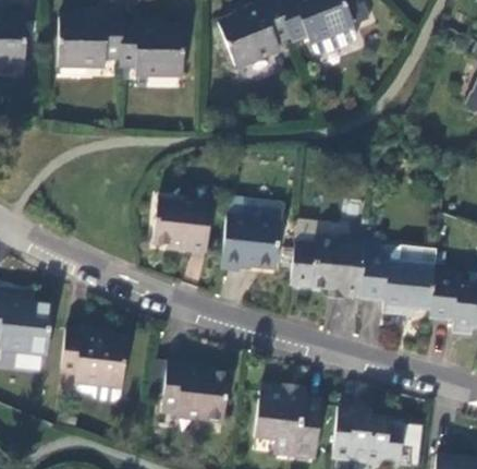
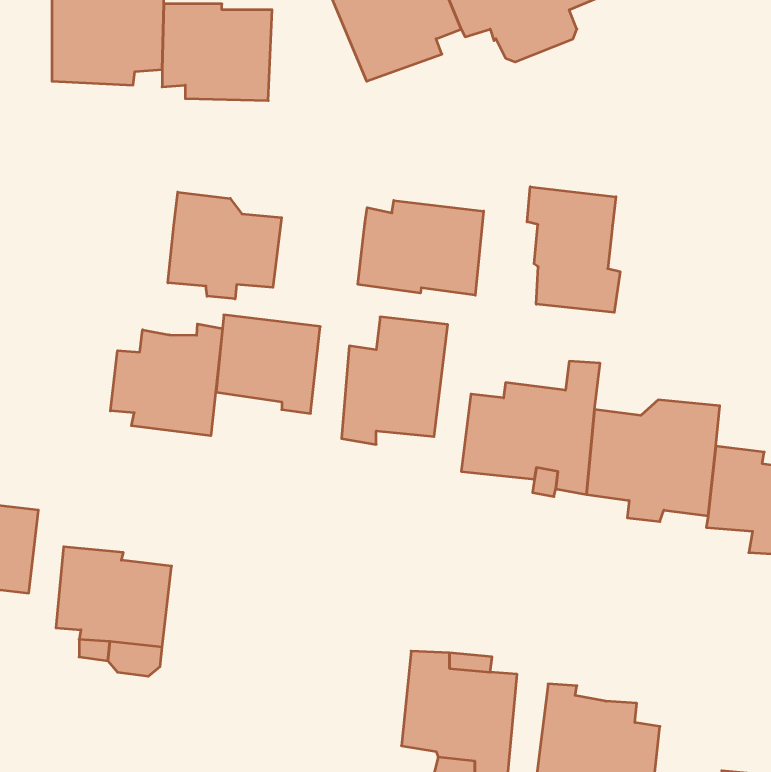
building: none -> [527,187,620,312]
building: none -> [168,192,282,299]
building: none -> [358,200,484,295]
building: none -> [110,324,222,436]
building: [161,365,228,423] -> none

